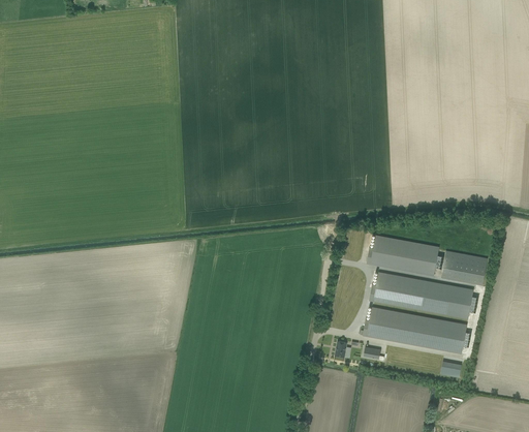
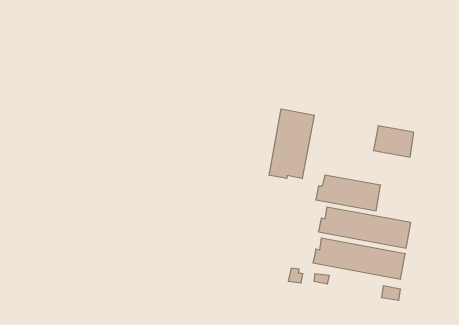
building: none -> [269,109,314,179]
building: [441,250,487,285] -> [373,126,414,157]

